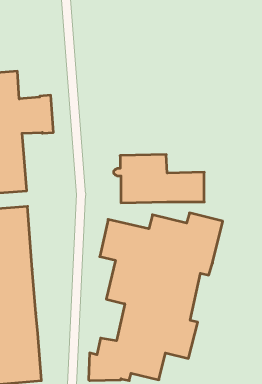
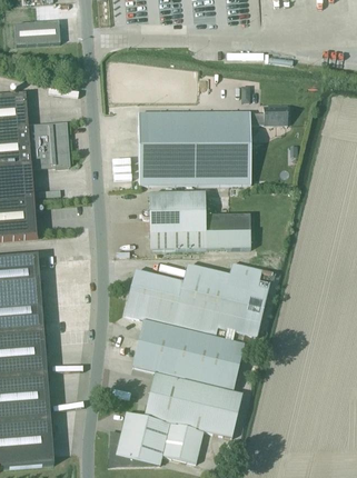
building: none -> [16,20,60,44]
building: none -> [139,104,288,182]

